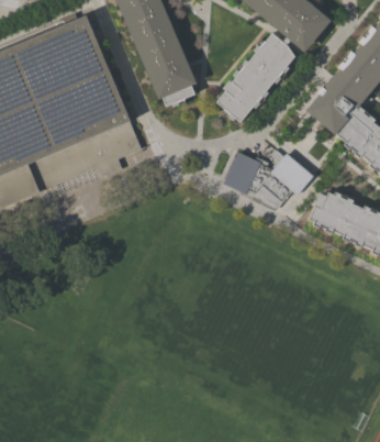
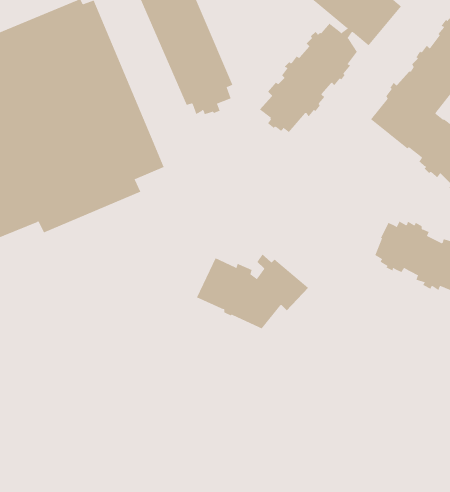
building: [224,148,314,209] -> [196,253,309,329]

